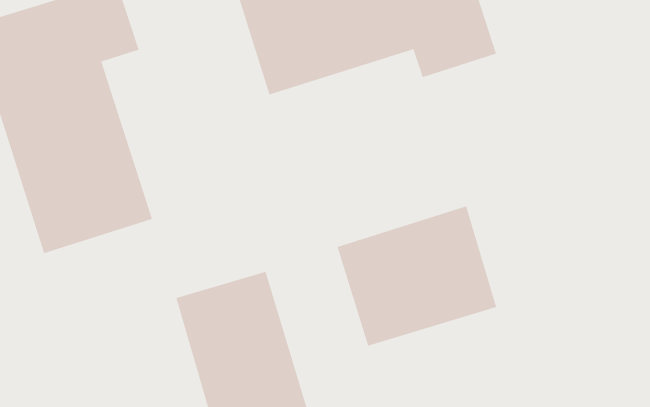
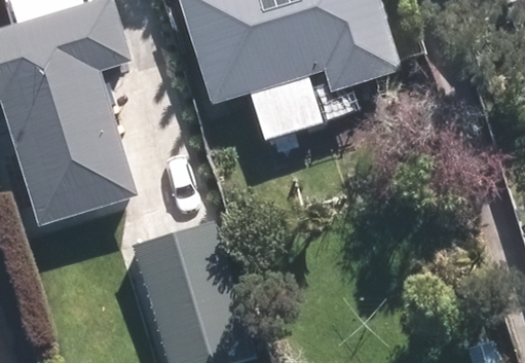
building: [337,206,497,347] -> none

